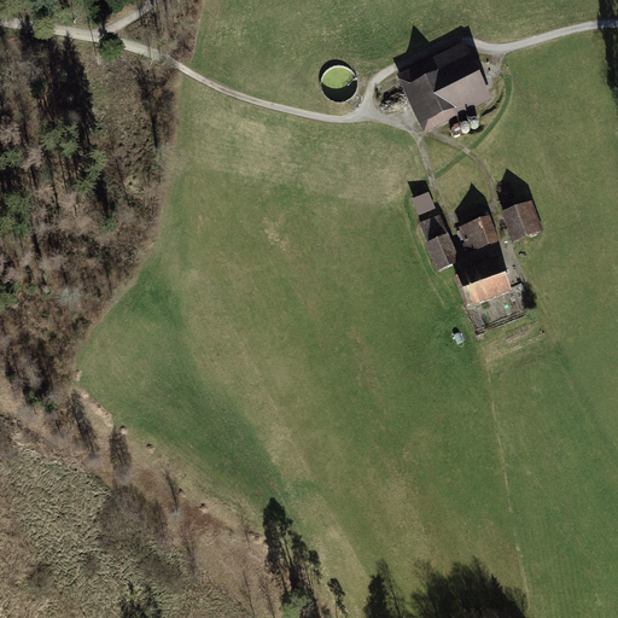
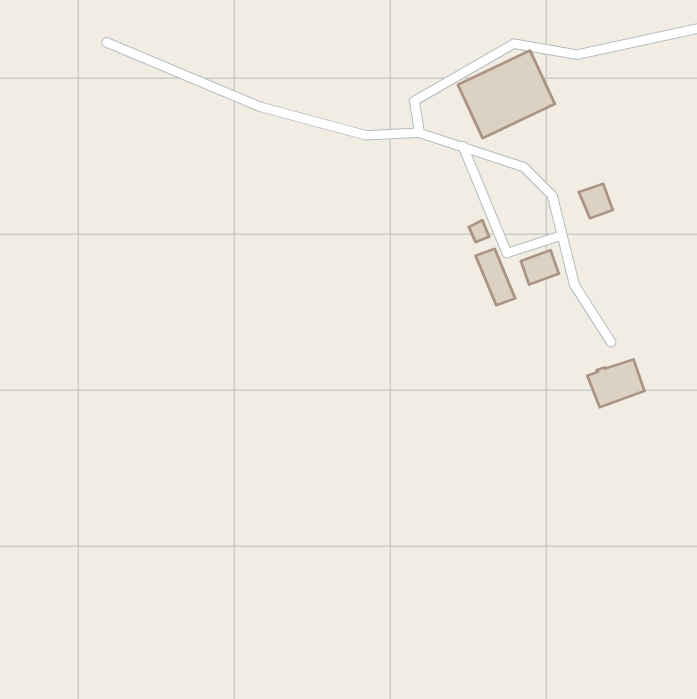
building: [505,208,535,238] -> [579,184,613,218]
building: [456,262,507,304] -> [587,359,645,407]

